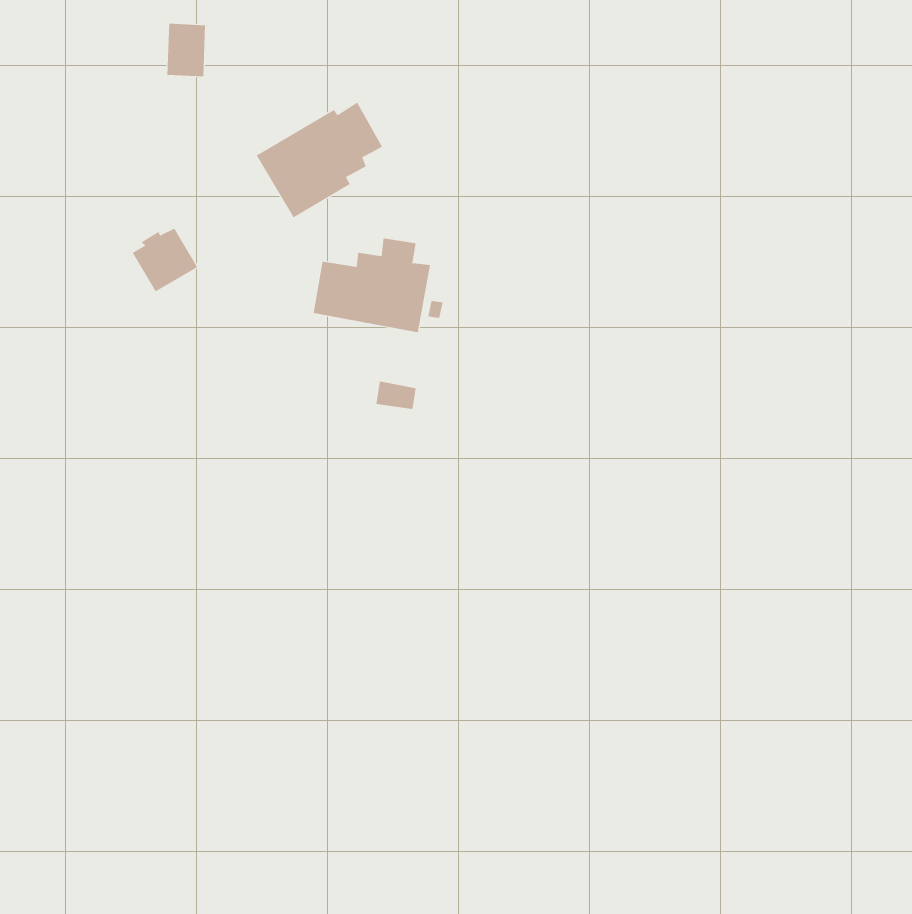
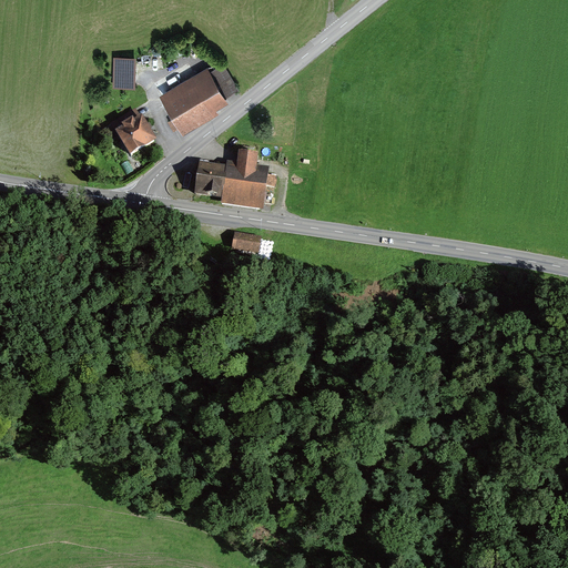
building: [167,23,206,77] -> [112,57,136,90]
building: [132,228,198,292] -> [114,118,155,158]

